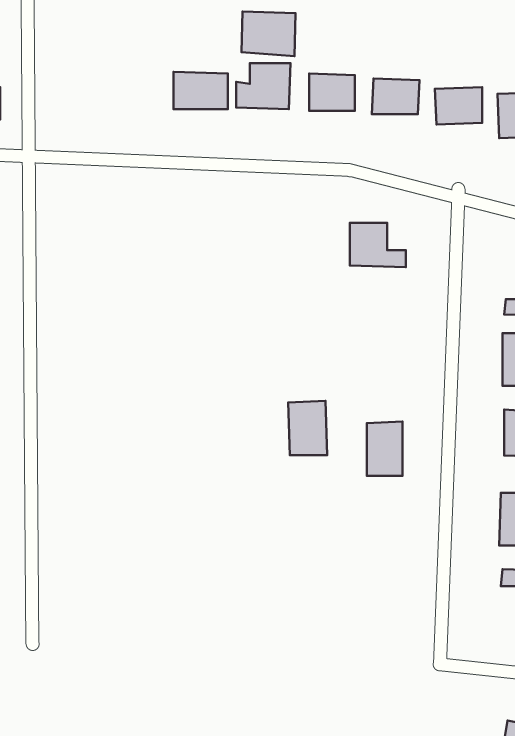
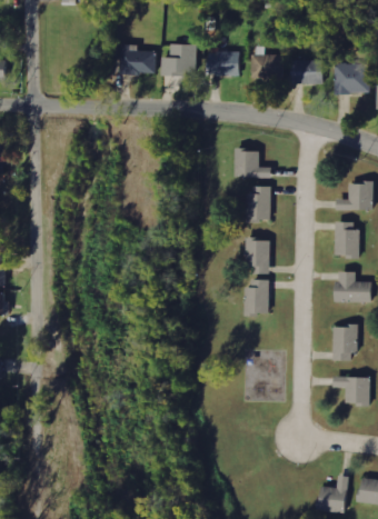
building: [242,12,296,56] -> none
building: none -> [247,186,271,220]
building: [288,401,327,455] -> [245,238,270,273]

